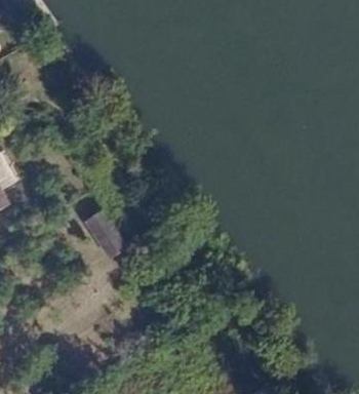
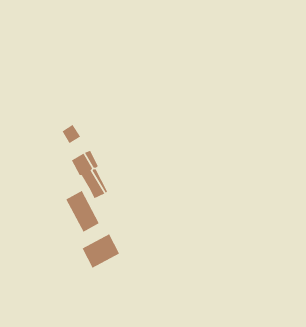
building: none -> [81,233,120,269]

